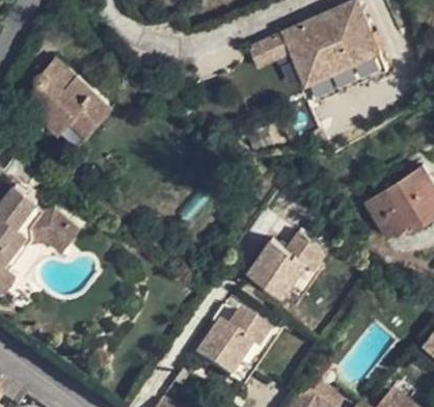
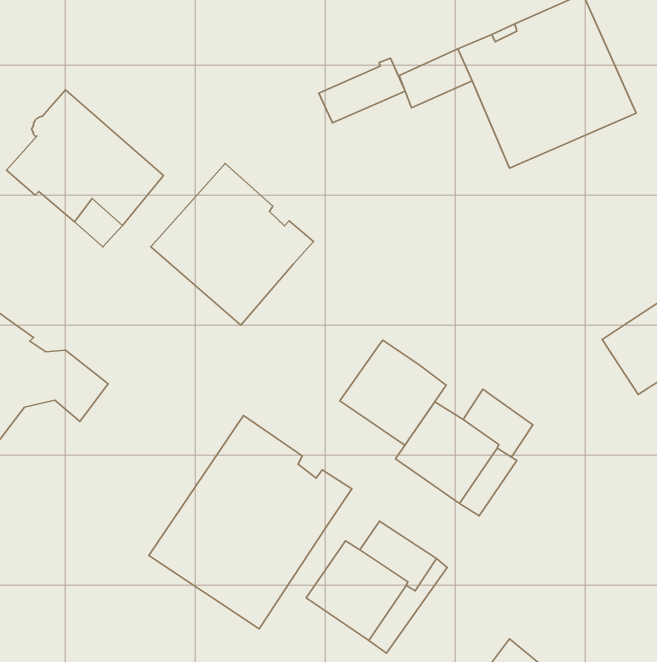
building: none -> [319,58,405,123]
building: none -> [151,164,313,325]
building: none -> [340,340,446,445]
building: none -> [149,416,352,629]

